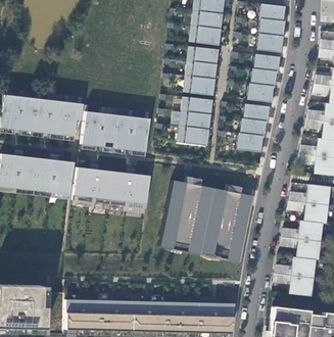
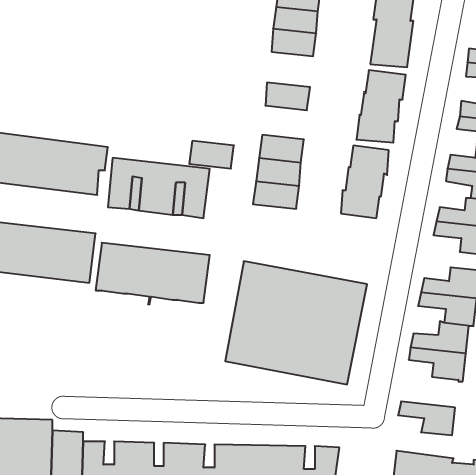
building: [188,46,218,64] -> none
building: [185,77,214,95] -> [189,141,234,169]
building: [277,256,315,277] -> none

